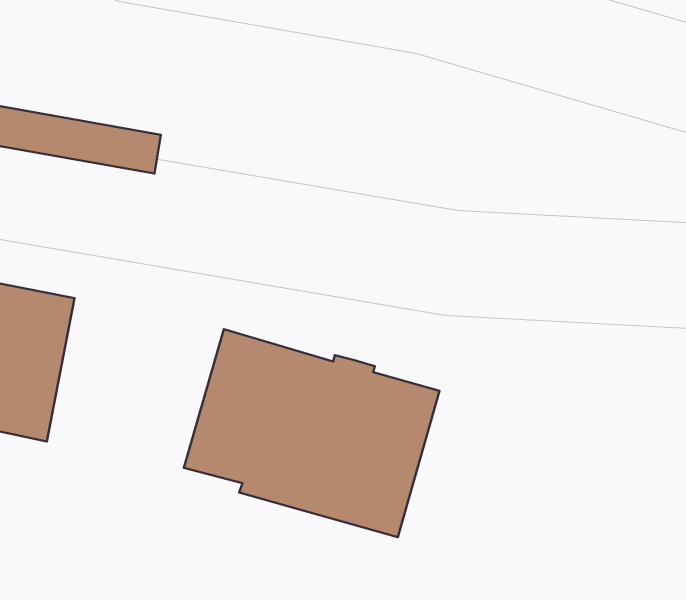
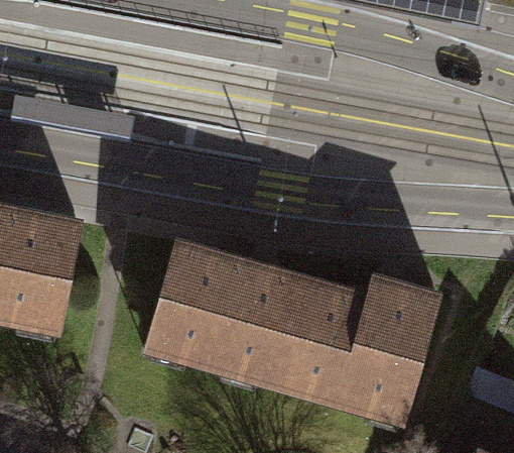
building: none -> [291,282,438,411]

